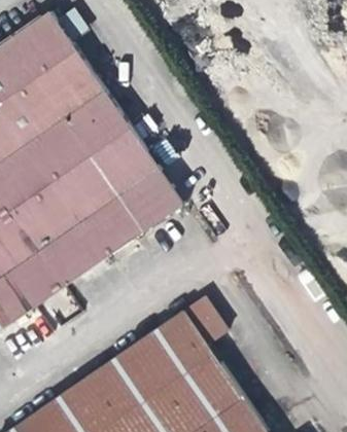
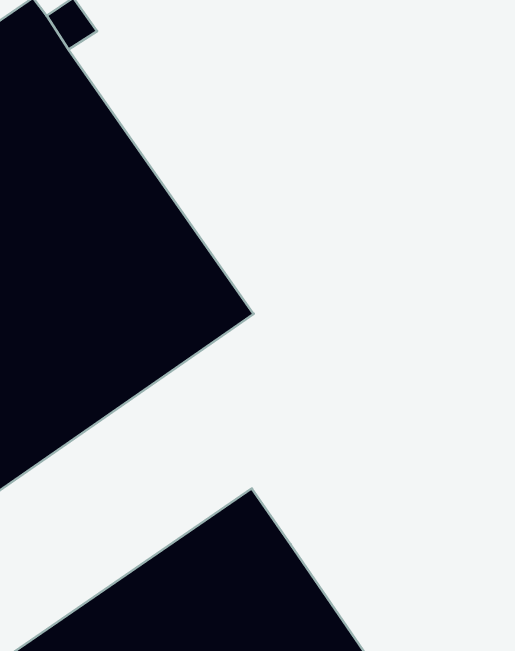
building: [182,297,225,345] -> none

